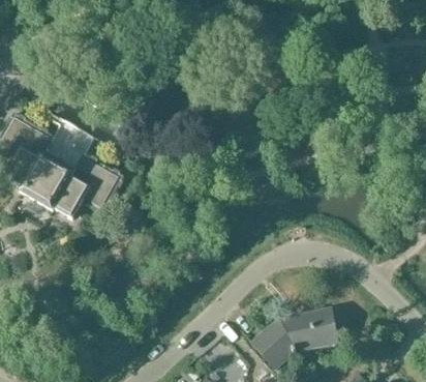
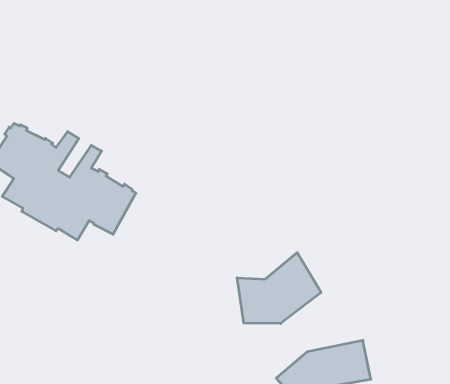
building: none -> [237,253,321,324]

